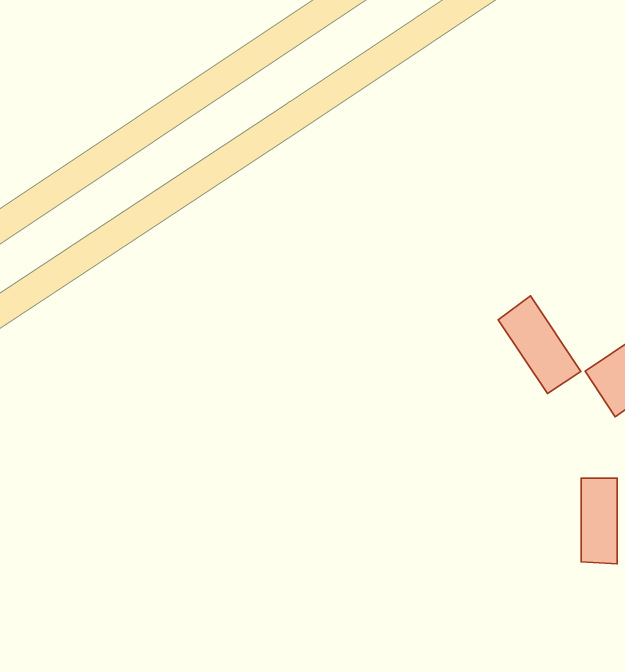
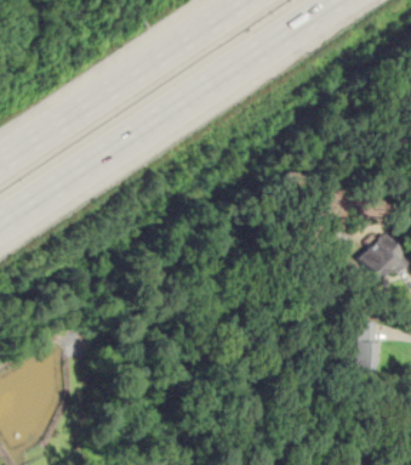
building: [498,296,581,394] -> none

